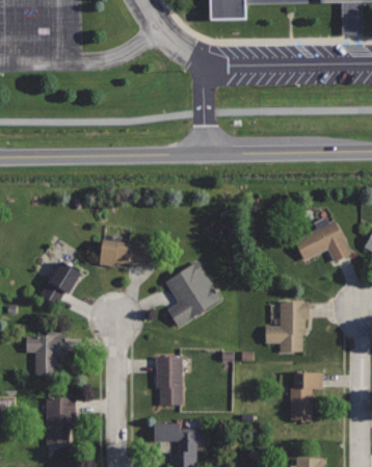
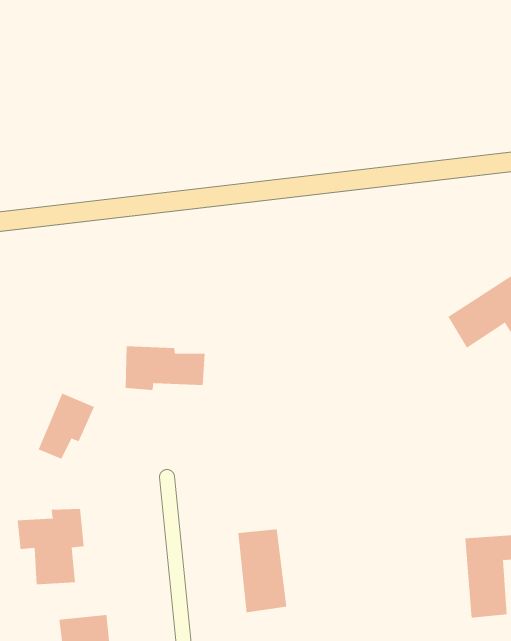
building: [165,260,221,326] -> none
building: [265,301,309,352] -> none

